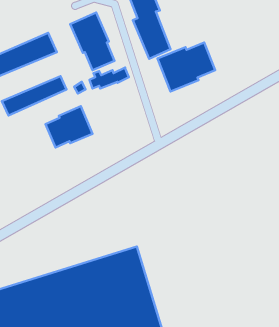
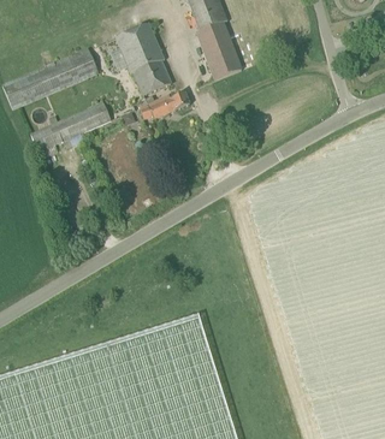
building: [158,42,215,91] -> none
building: [46,106,92,147] -> none

